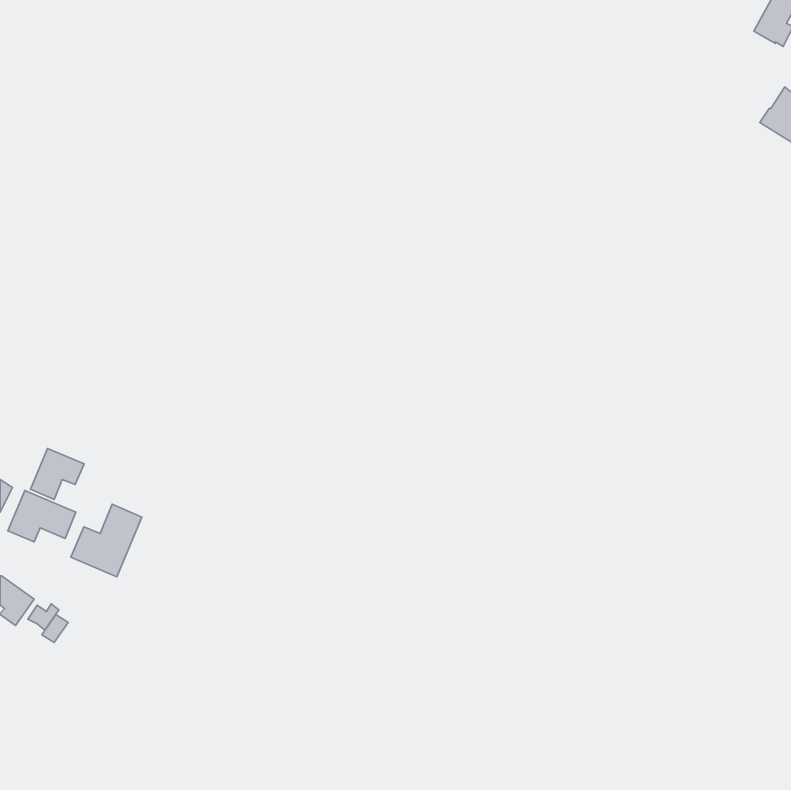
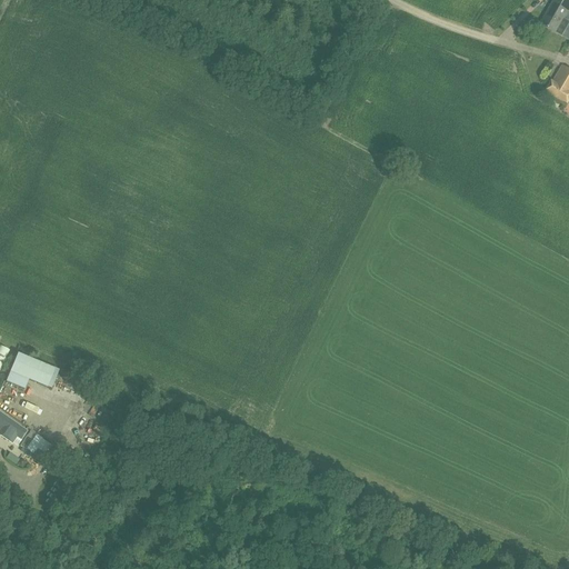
building: [30,448,84,499] -> none
building: [71,504,142,577] -> none

